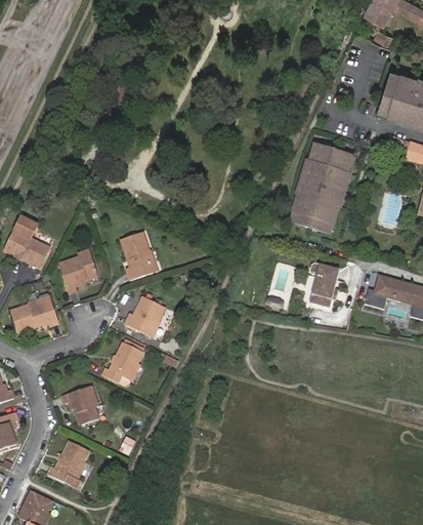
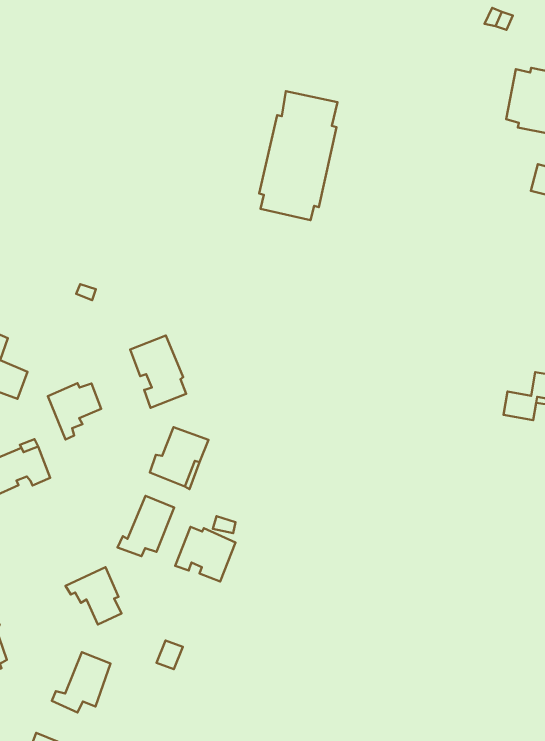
building: [295,146,352,233] -> [259,91,338,220]
building: [309,265,340,310] -> none
building: none -> [175,527,236,581]

